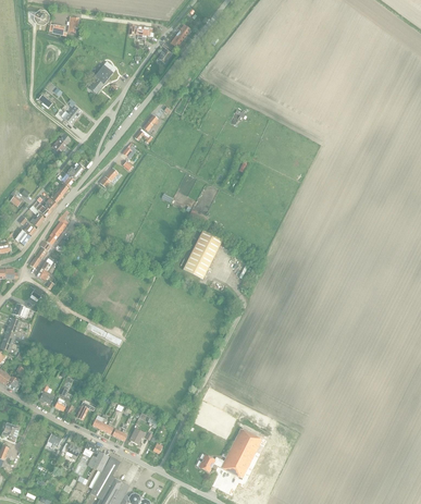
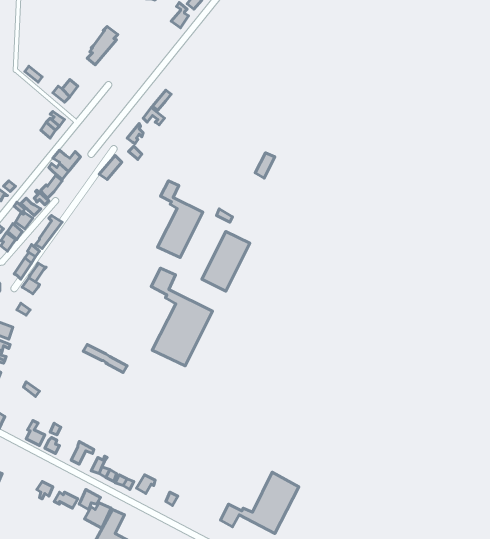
building: none -> [158,181,203,257]
building: none -> [151,268,212,366]

